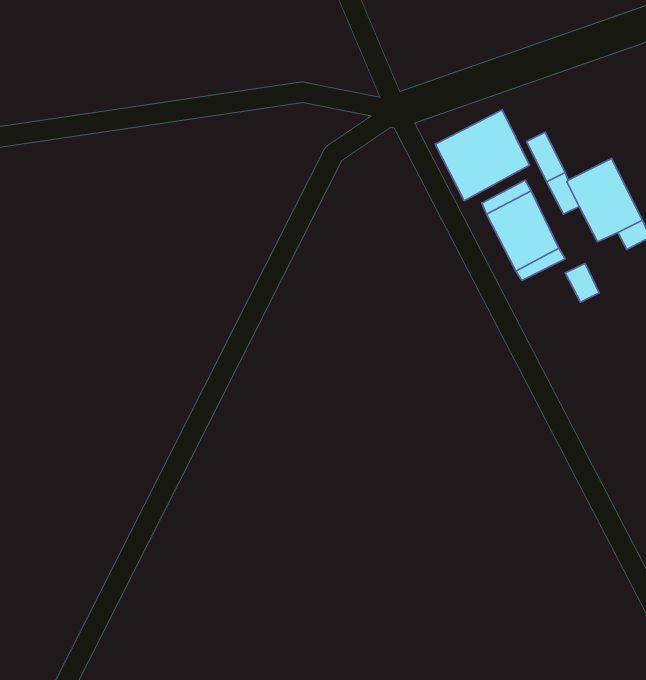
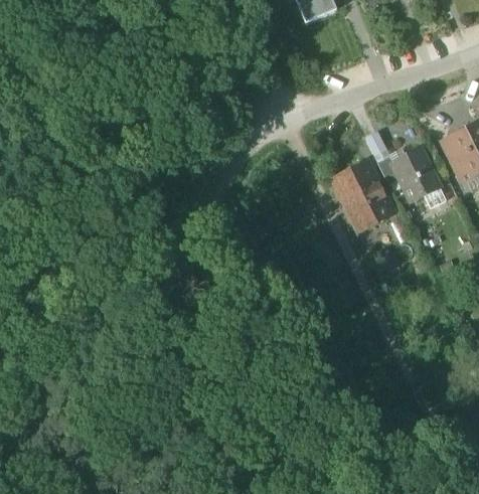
building: [435,110,530,201] -> none

